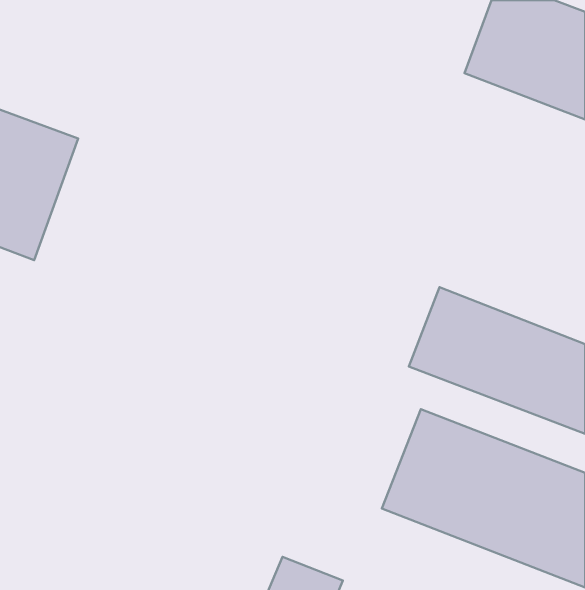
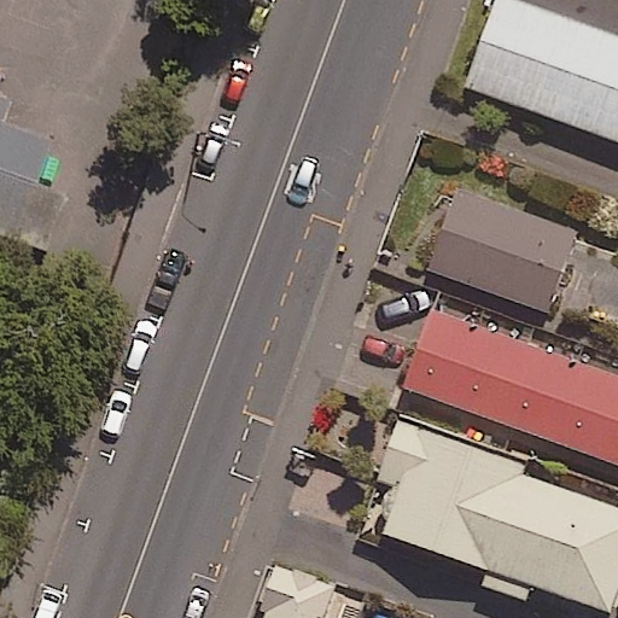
building: none -> [442,192,582,315]

